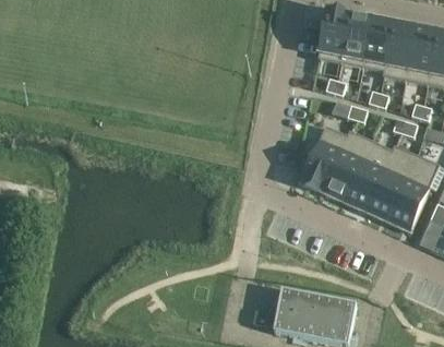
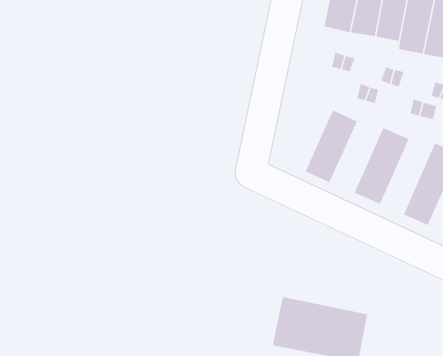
building: [323,132,369,199] -> none
building: [367,146,413,217] -> none

